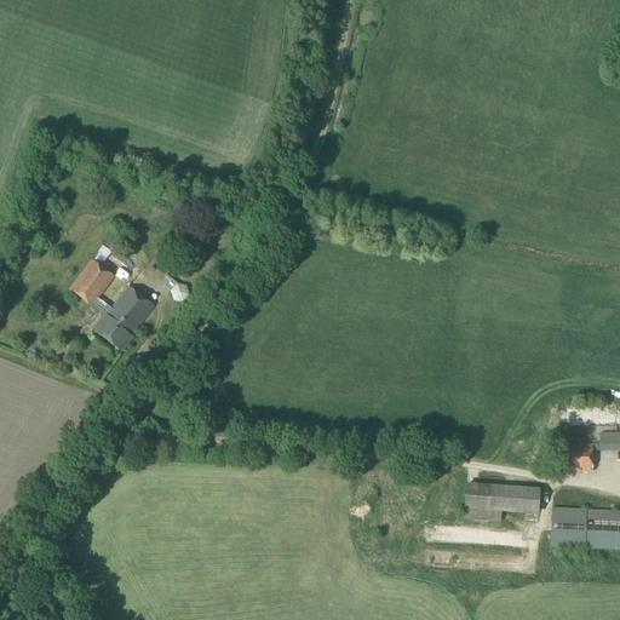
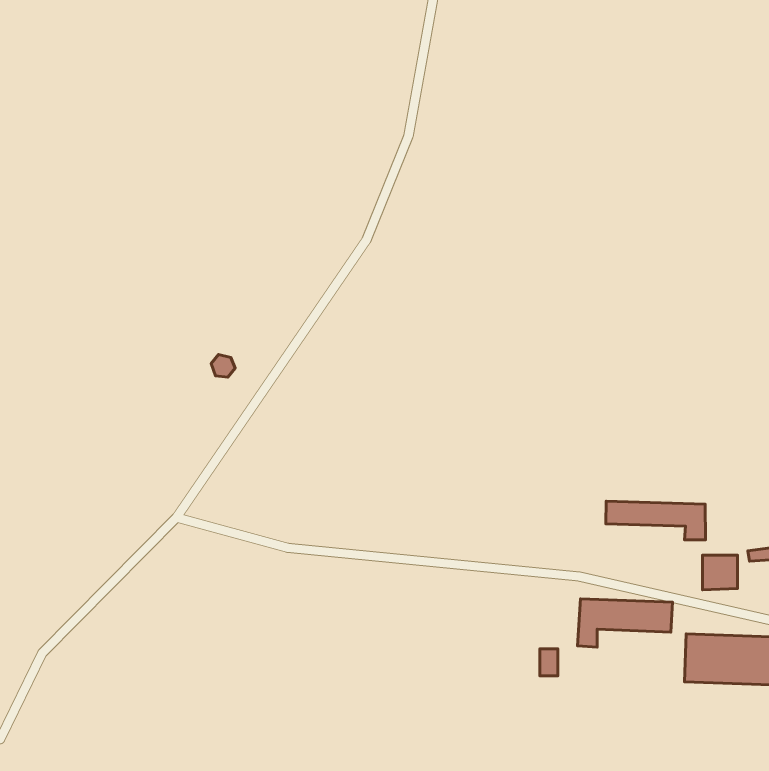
building: [70,256,154,352] -> none
building: none -> [606,501,706,540]

